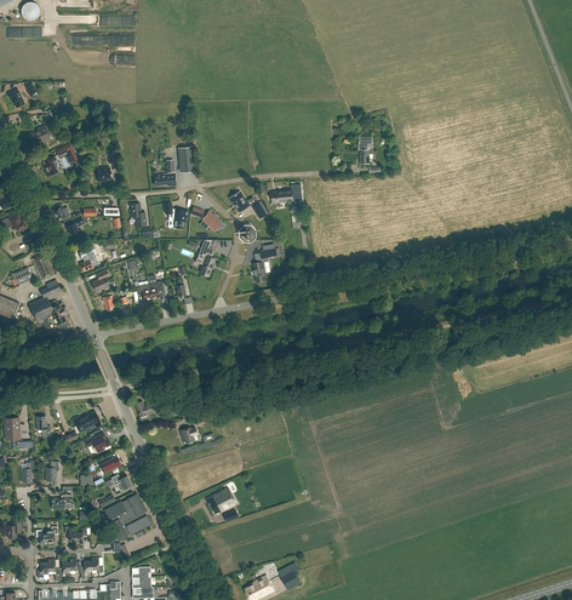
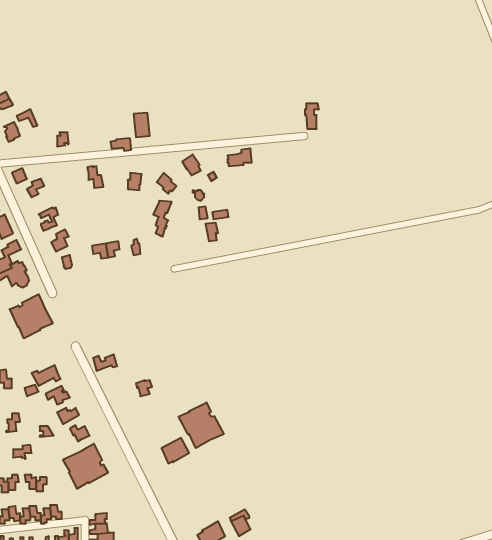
building: none -> [10,294,53,338]
building: none -> [179,402,224,448]

